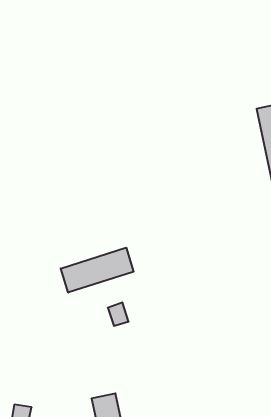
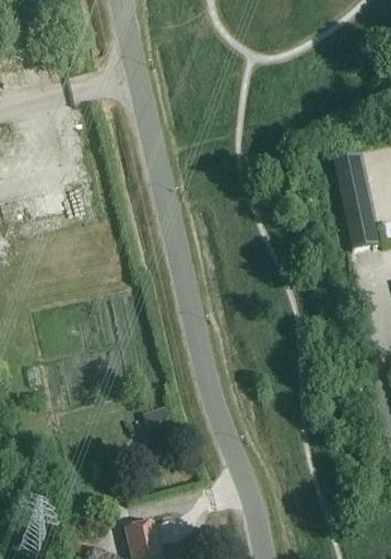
building: [61,248,134,293] -> none

